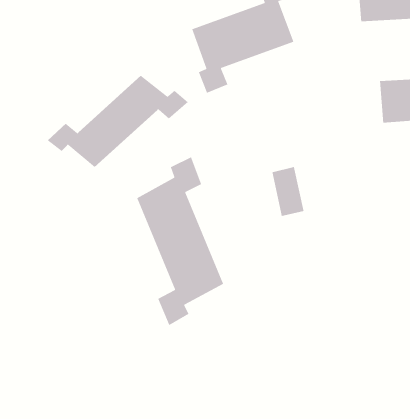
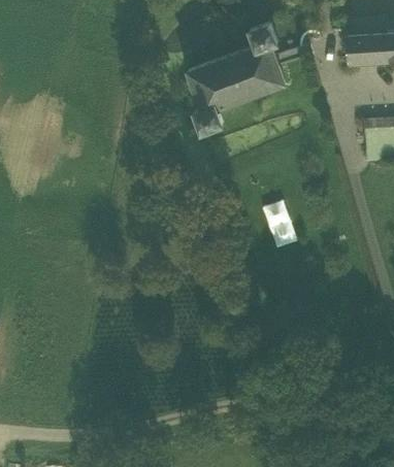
building: [47,75,189,168] -> none
building: [136,156,224,326] -> none

